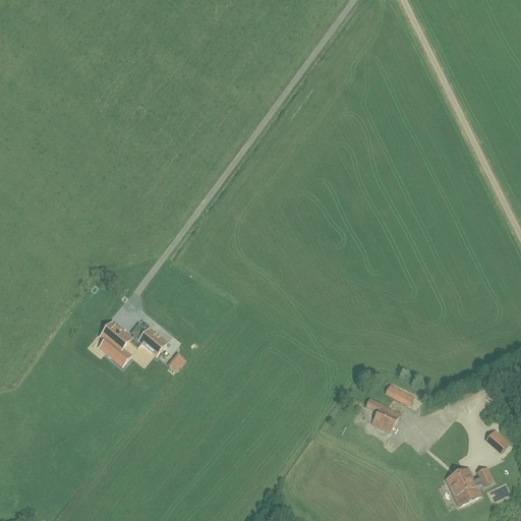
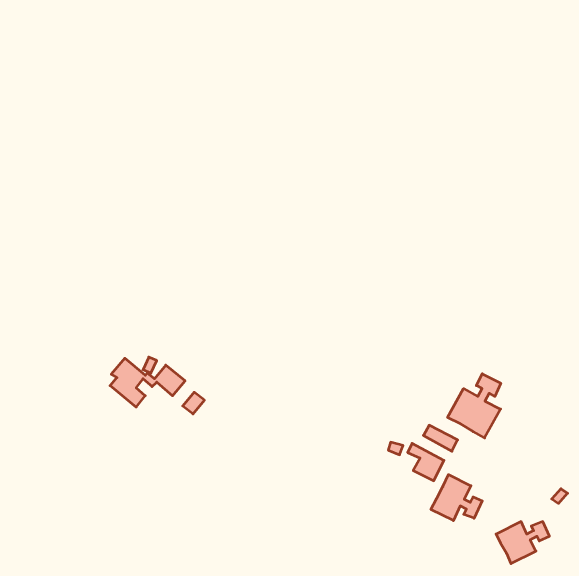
building: none -> [448,374,501,438]
building: none -> [431,475,482,521]

